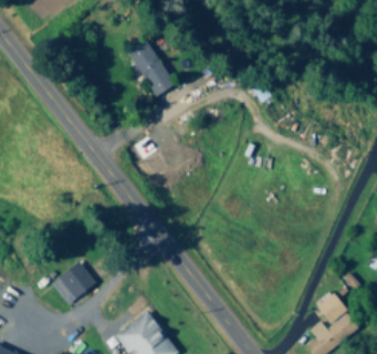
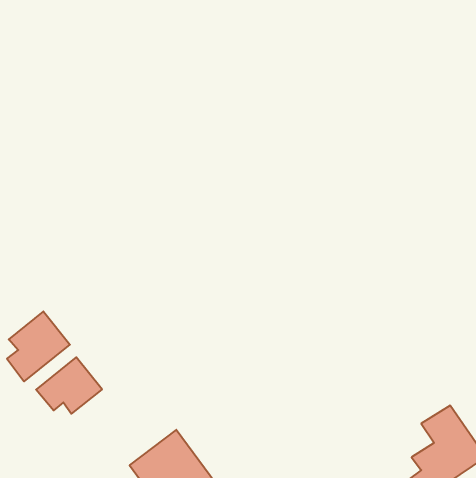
building: [127,39,174,97] -> none
building: none -> [7,311,70,381]

